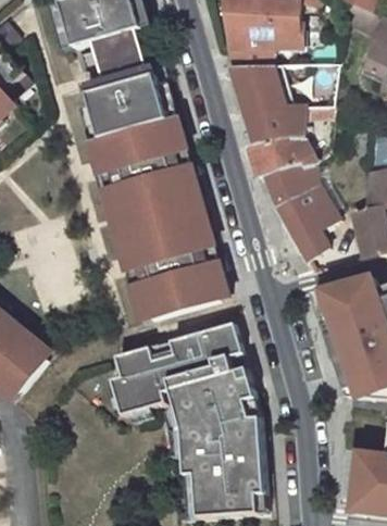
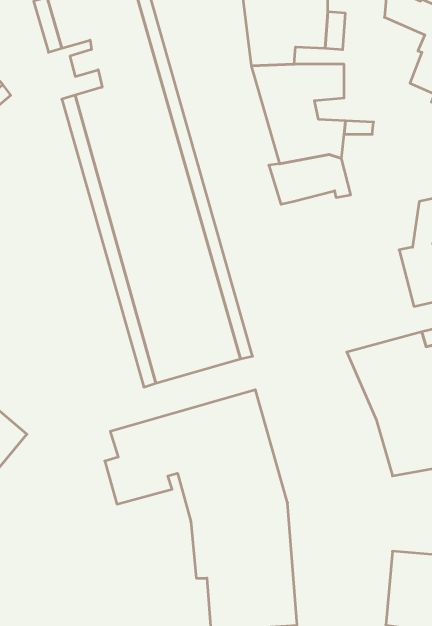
building: [263,161,336,259] -> none

